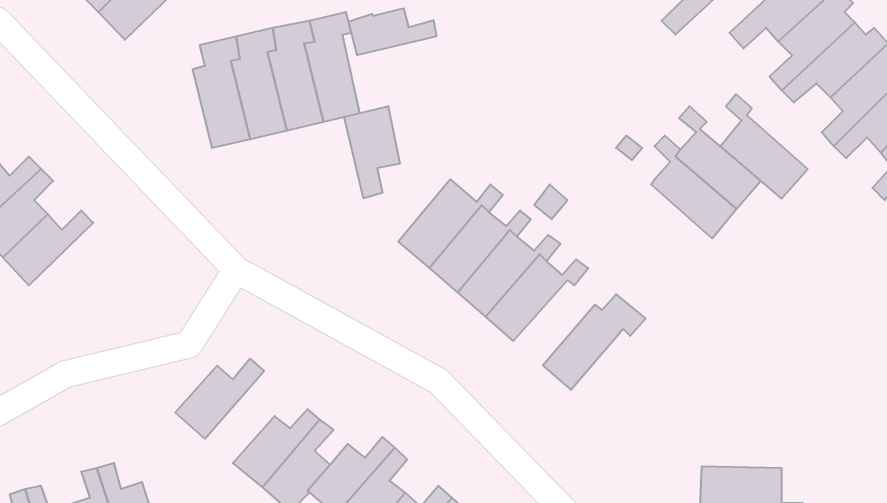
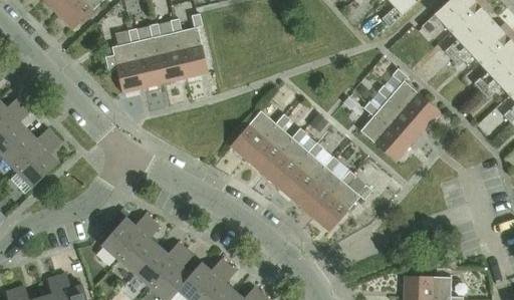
building: [348,8,436,55] -> none
building: [721,94,808,199] -> [360,100,411,161]
building: [344,106,400,198] -> none
building: none -> [17,134,61,187]
building: none -> [296,168,355,217]
building: none -> [118,220,160,273]

